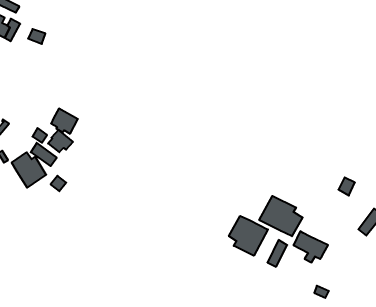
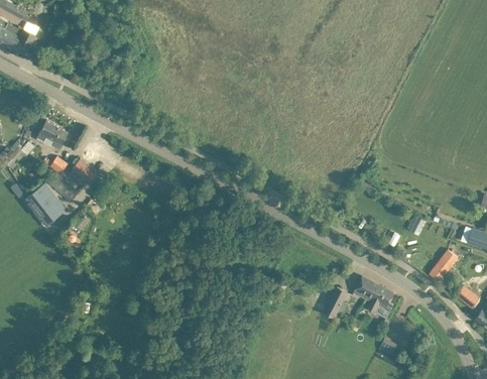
building: [51,109,78,134] -> [37,120,69,149]
building: [259,196,303,236] -> none
building: [229,216,268,256] -> none

